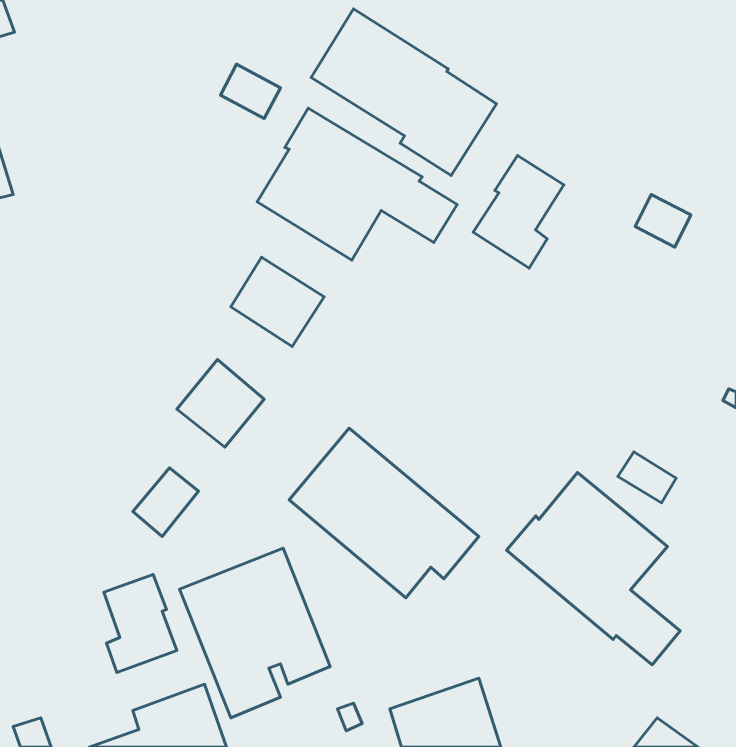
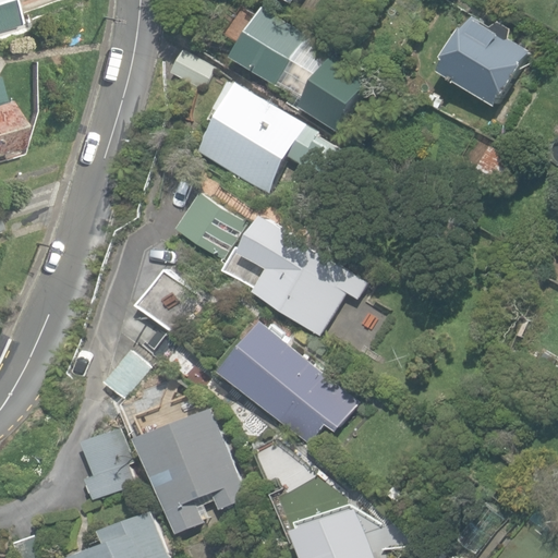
building: none -> [437,16,527,107]
building: [473,156,564,268] -> none
building: none -> [221,221,366,329]
building: [506,473,680,665] -> none

